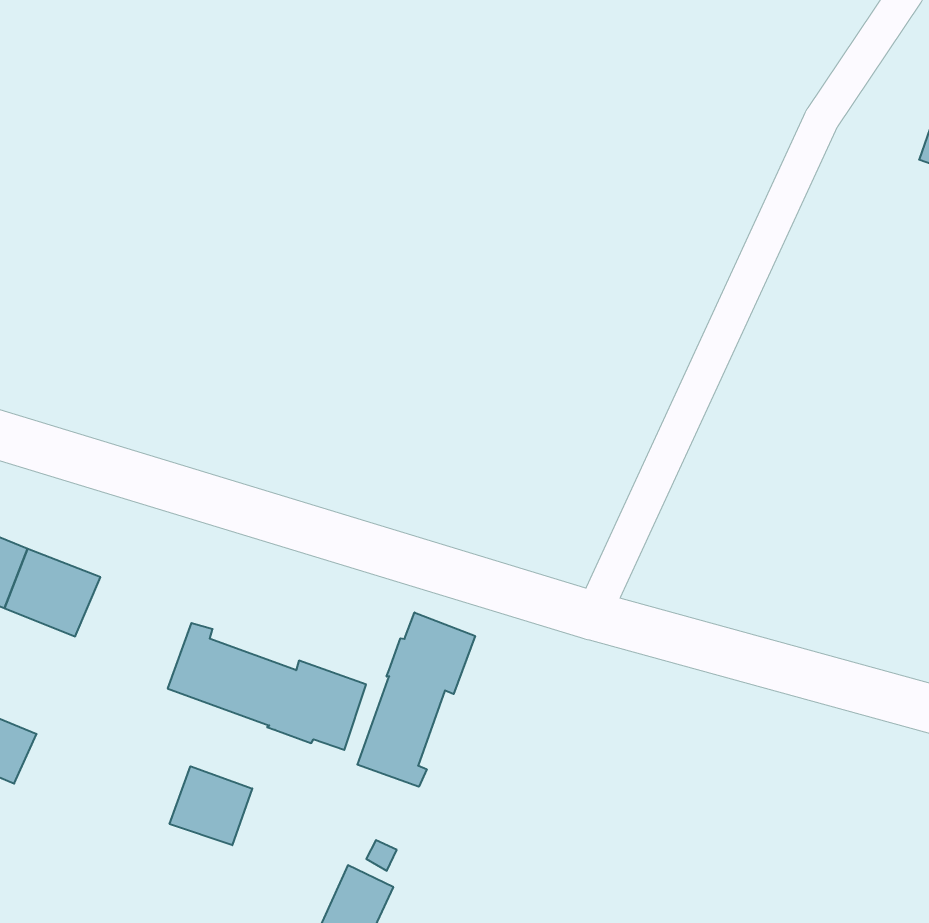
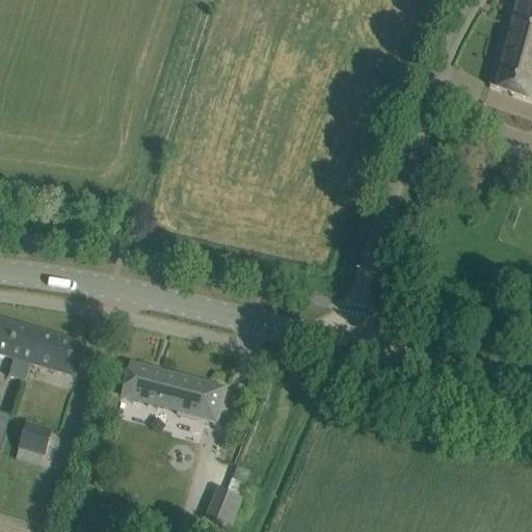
building: [357,612,475,787] -> none
building: [170,766,252,845] -> none

